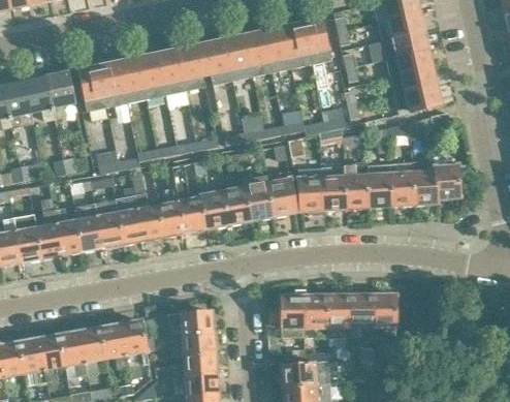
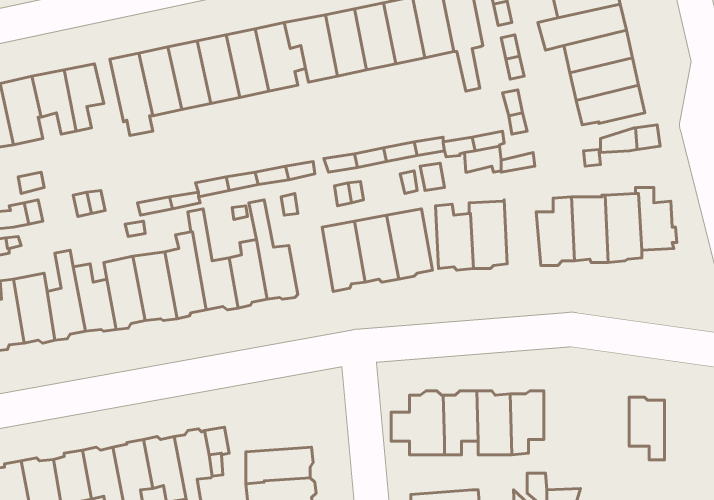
building: [346,163,371,209] -> none
building: [199,182,230,227] -> none
building: [373,292,396,335] -> [629,397,664,460]
building: [169,310,216,334] -> none

